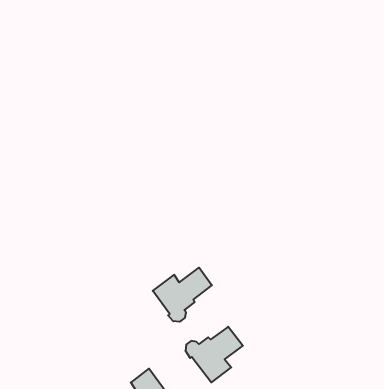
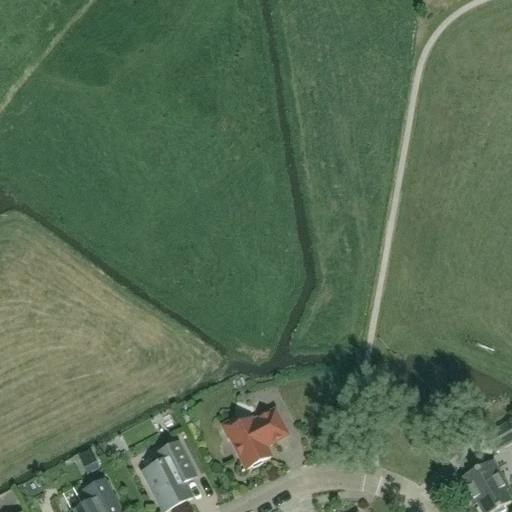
building: [153,268,212,322] -> none

